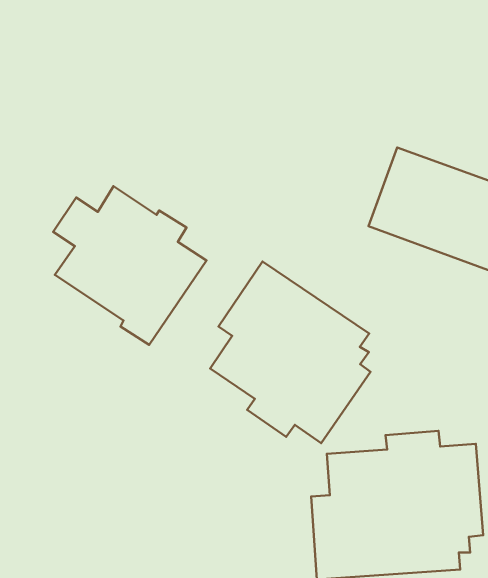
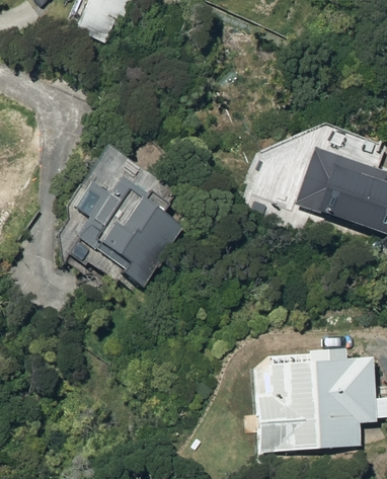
building: [210,261,371,443] -> none

